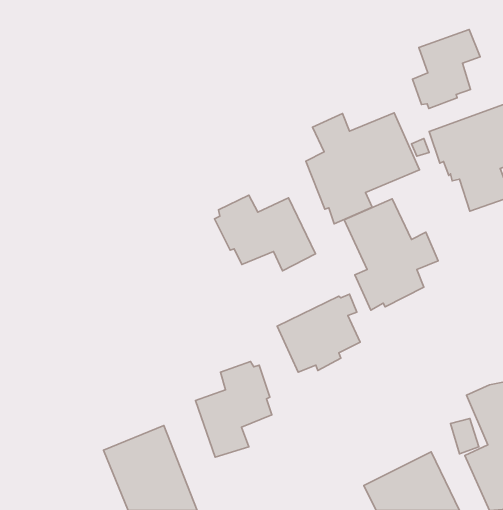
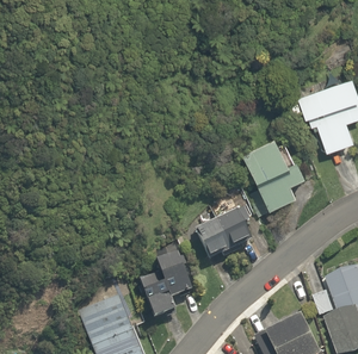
building: [413,29,480,108] -> none
building: [306,113,419,224] -> none
building: [215,195,316,271] -> none

